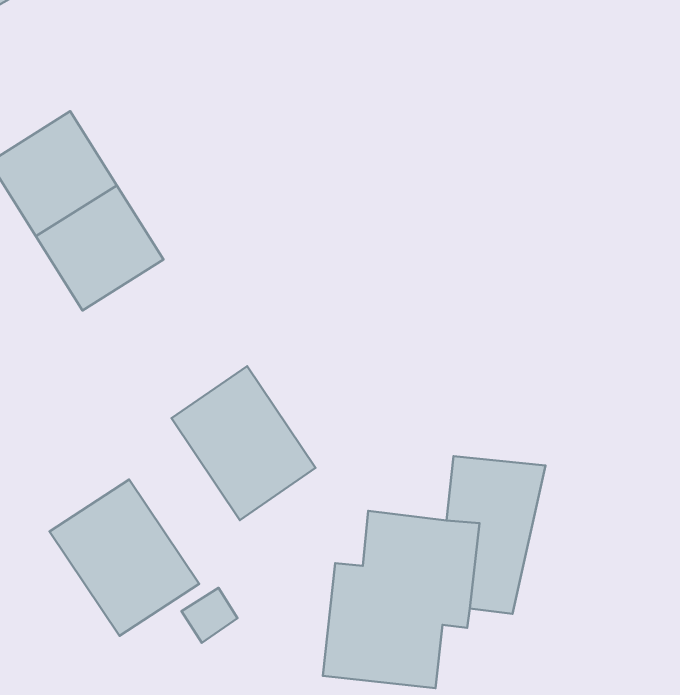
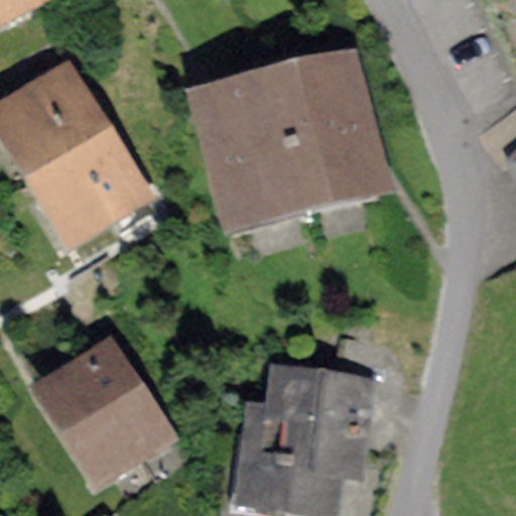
building: none -> [194,68,359,216]
building: [171,366,316,520] -> none

